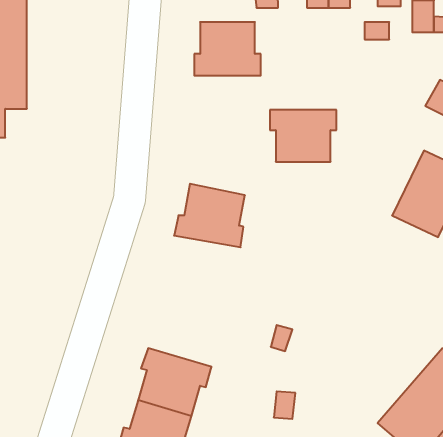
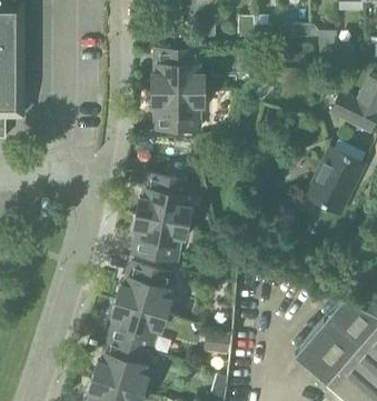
building: [270,110,336,162] -> [152,90,204,130]
building: none -> [133,213,188,261]
building: none -> [117,262,173,314]

